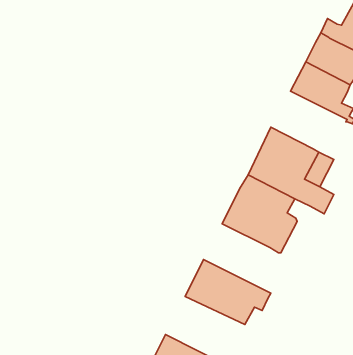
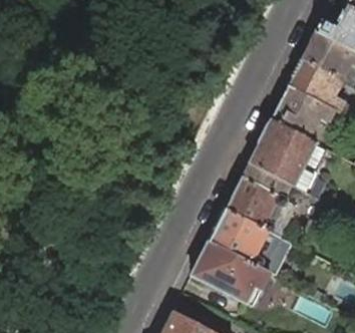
building: none -> [270,86,340,139]
building: none -> [208,209,277,268]

